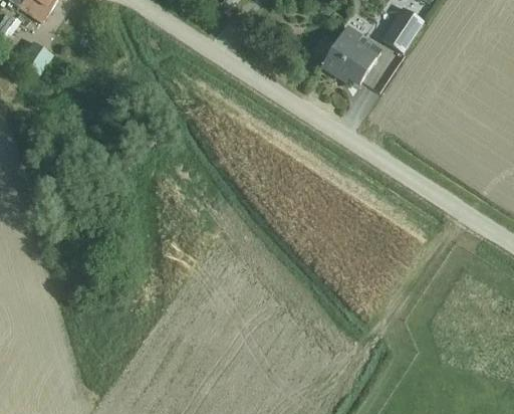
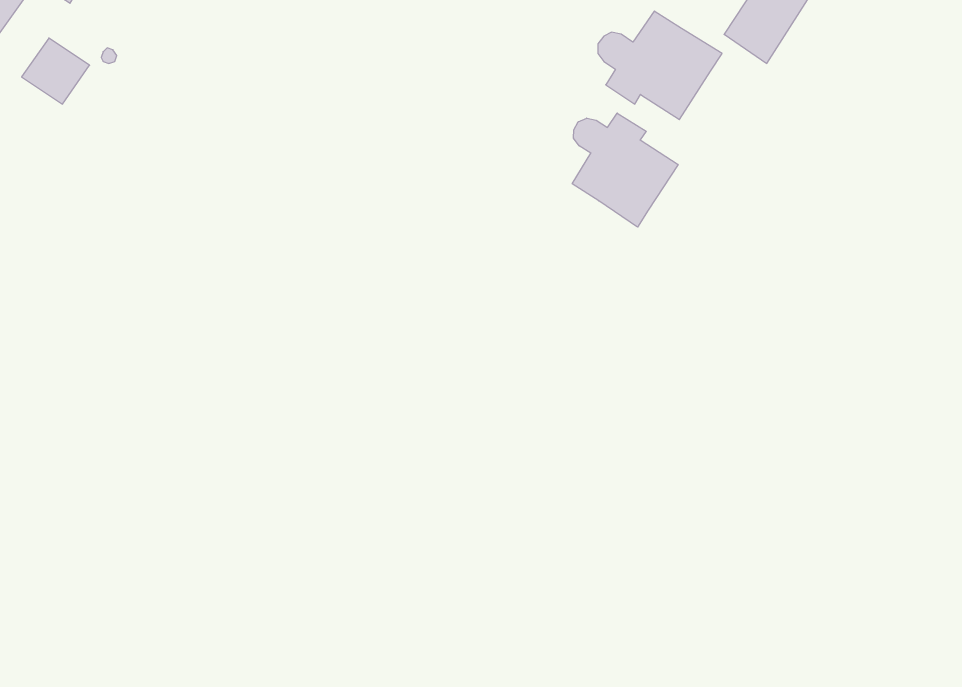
building: none -> [572,113,678,227]

